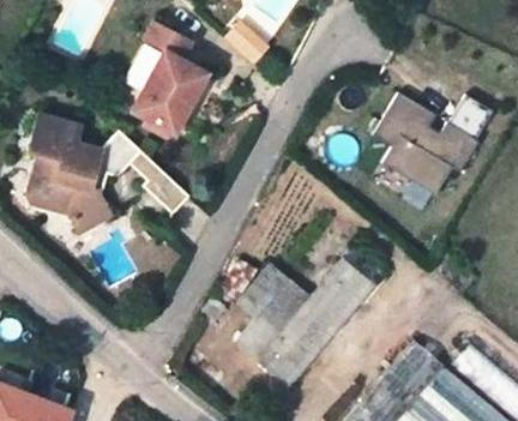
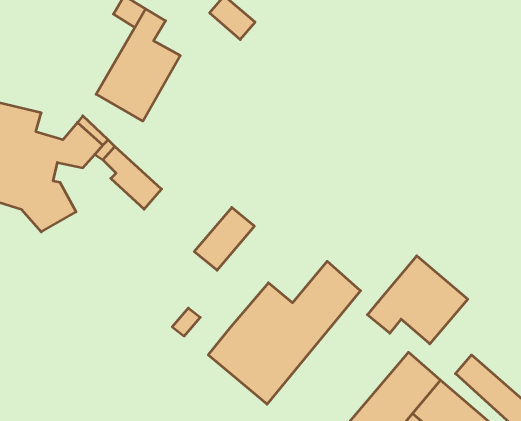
building: [372,88,494,197] -> none
building: none -> [367,256,468,344]
building: [233,261,287,318] -> [194,207,254,270]

